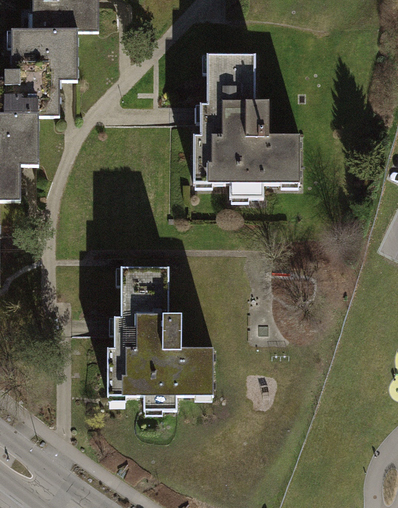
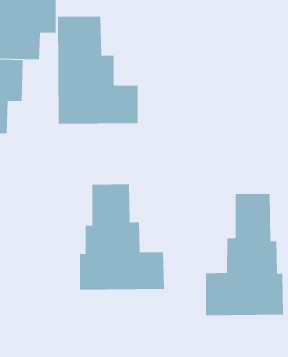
building: [195,54,293,184] -> [57,16,139,124]
building: none -> [205,193,284,316]

